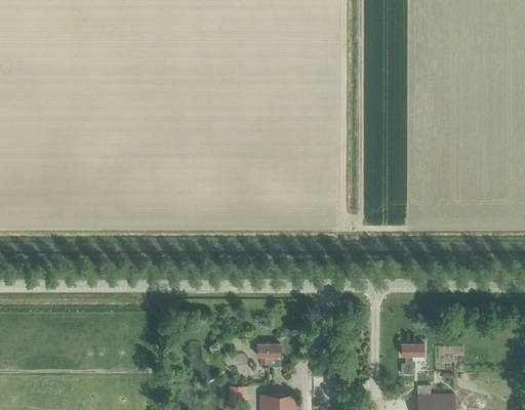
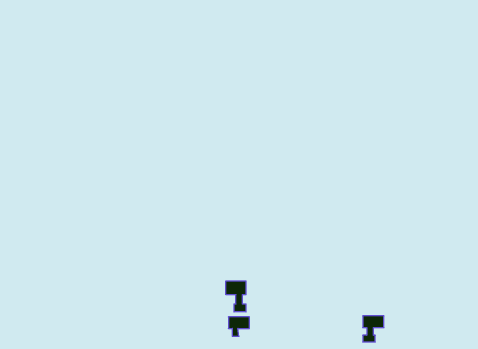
building: none -> [226,281,246,312]

